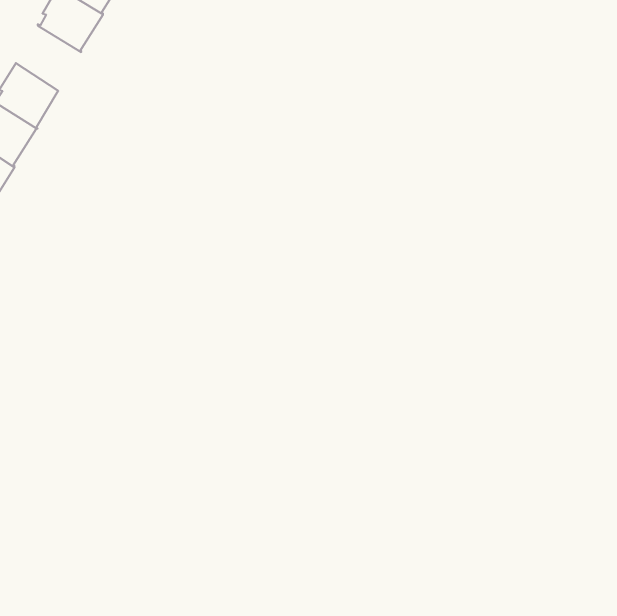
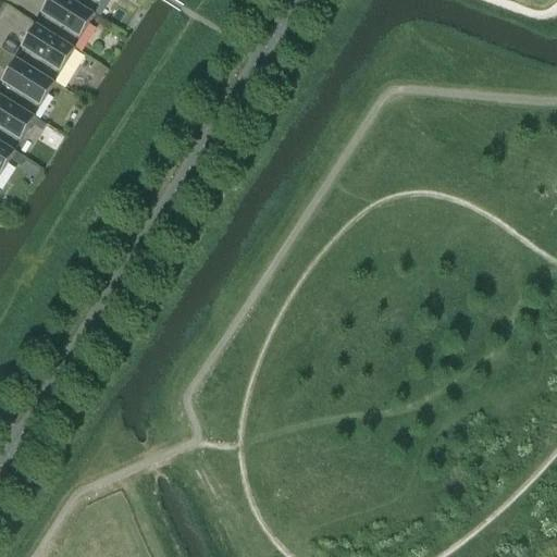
building: none -> [14,23,73,82]

